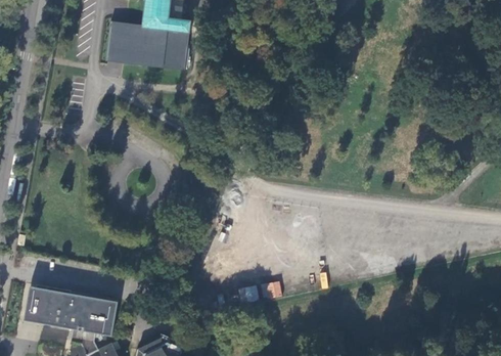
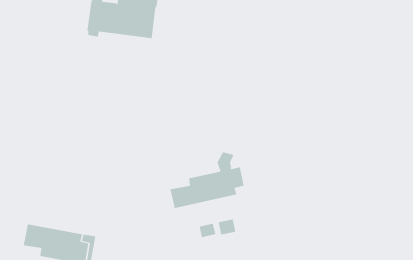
building: none -> [170,151,244,209]
building: [22,284,51,323] -> none

